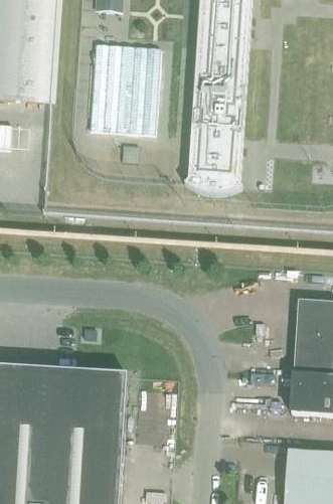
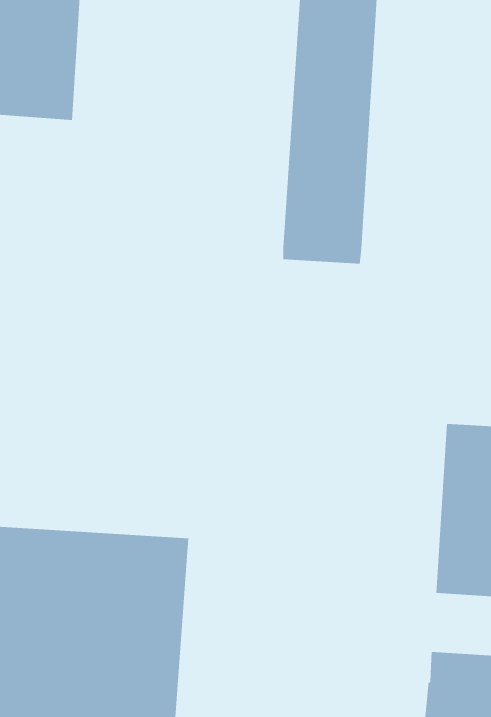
building: [89,43,160,133] -> none

